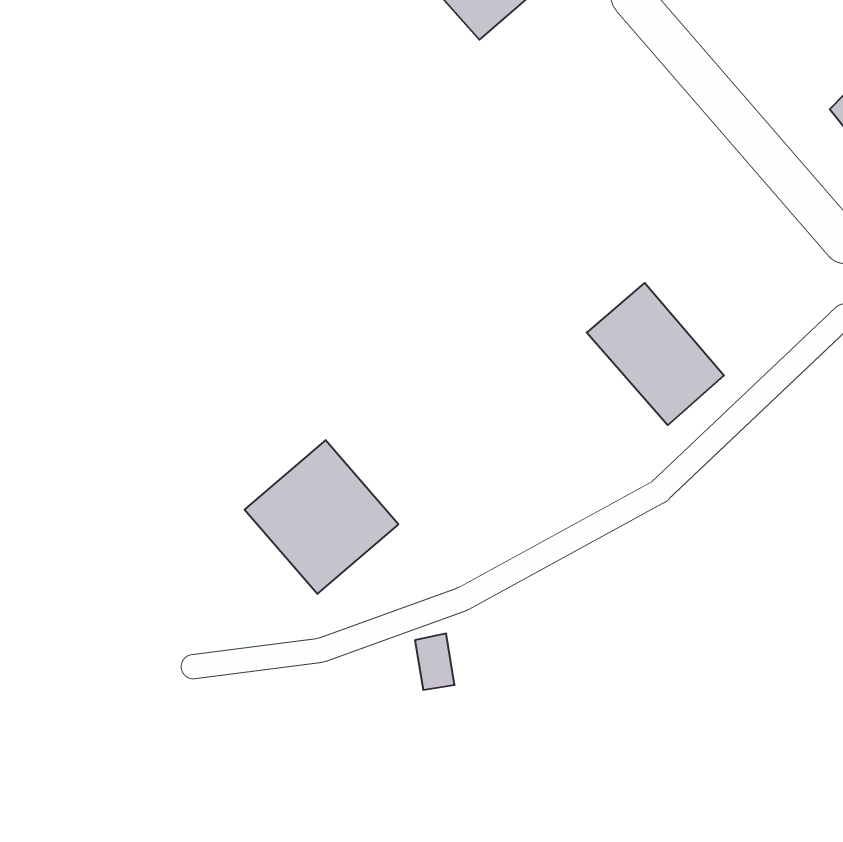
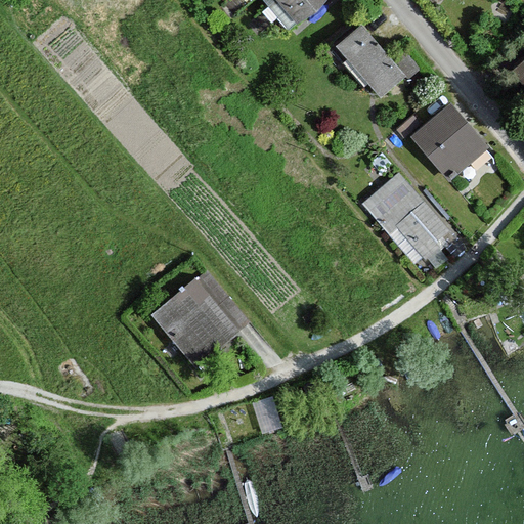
building: none -> [336,24,405,96]
building: none -> [410,104,481,176]

